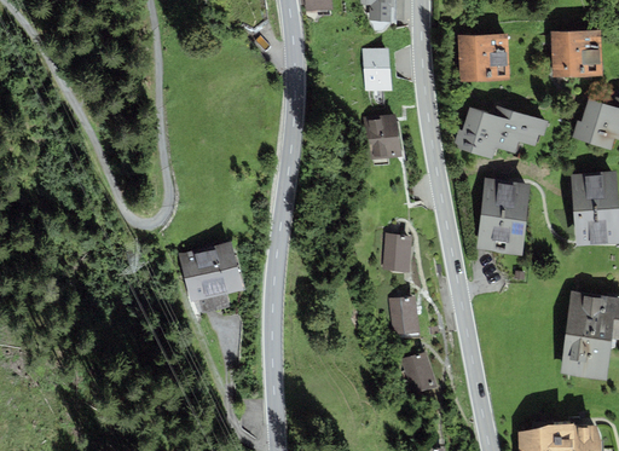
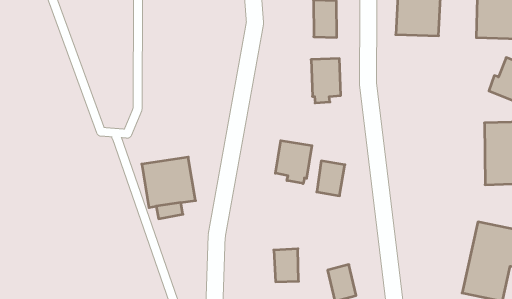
building: [453,104,550,158] -> none
building: [476,178,531,254] -> none
building: none -> [275,141,312,184]
building: [389,294,421,334] -> [274,249,299,282]

